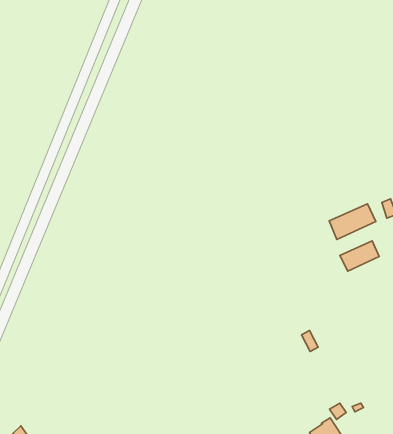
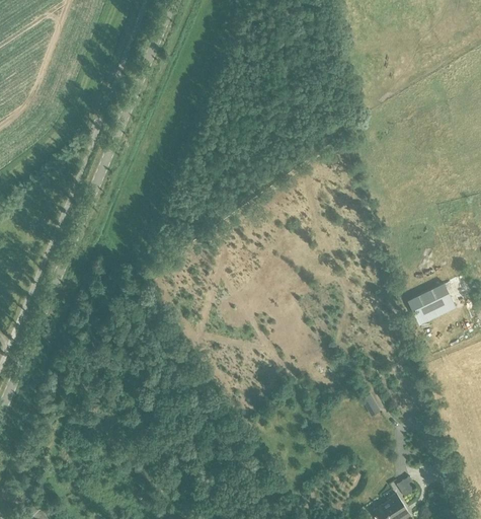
building: [329,204,376,239] -> none

